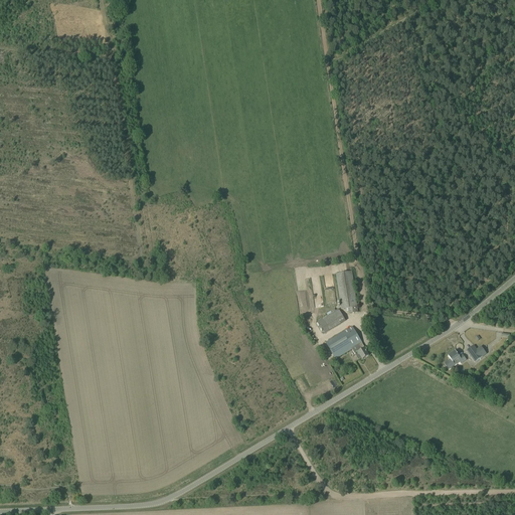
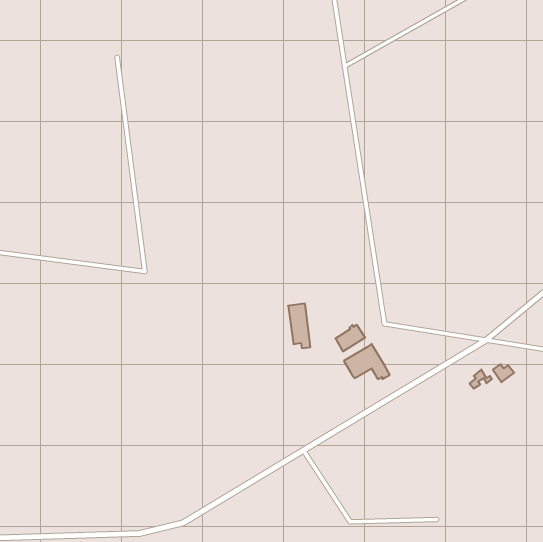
building: [335,270,356,312] -> [288,304,310,348]

